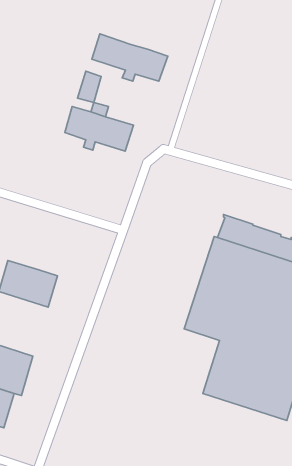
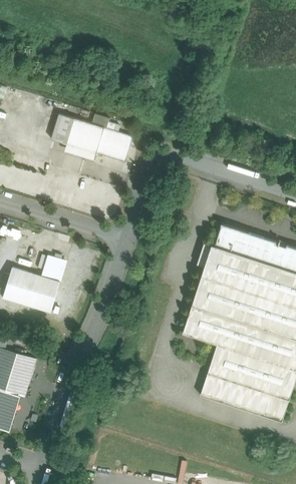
building: [92,34,168,81] -> none
building: [77,71,101,102] -> [50,114,73,144]
building: none -> [41,257,65,283]

